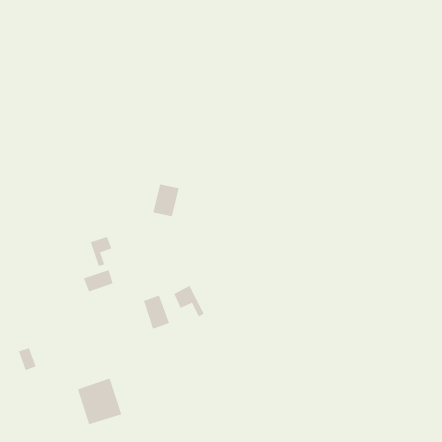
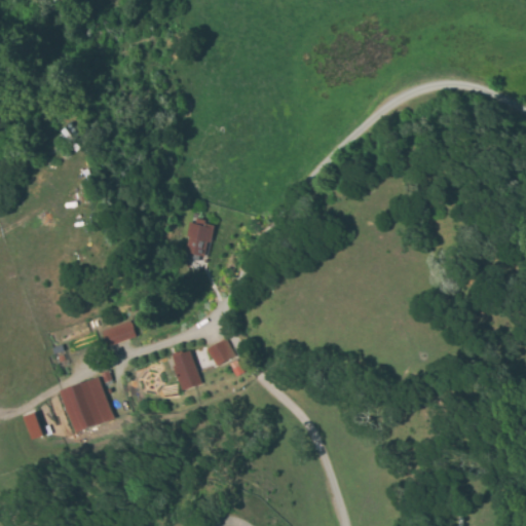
building: [90,236,112,267] -> none
building: [77,378,122,425] -> [60,376,113,431]

